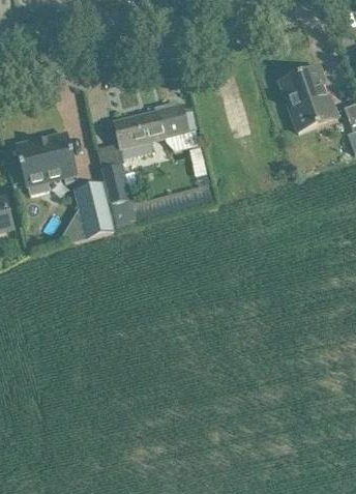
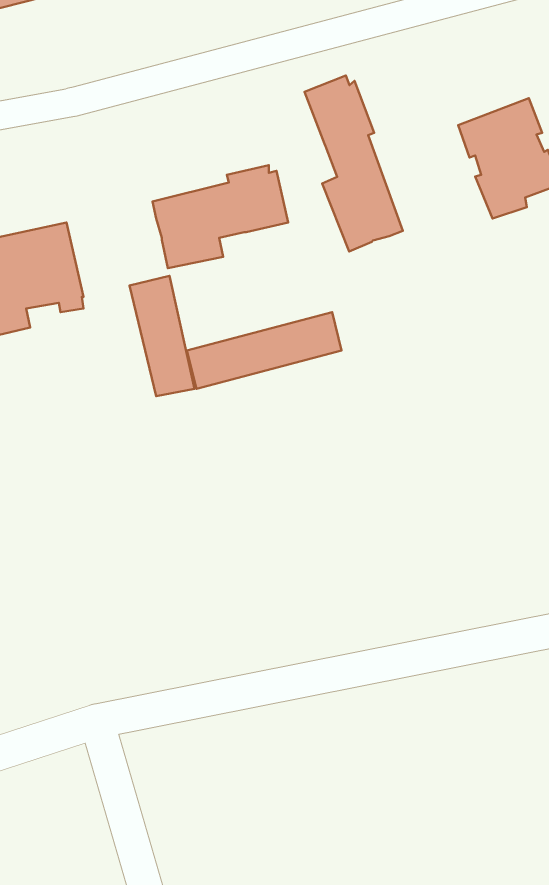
building: none -> [305,76,403,251]
building: [75,180,116,237] -> none

